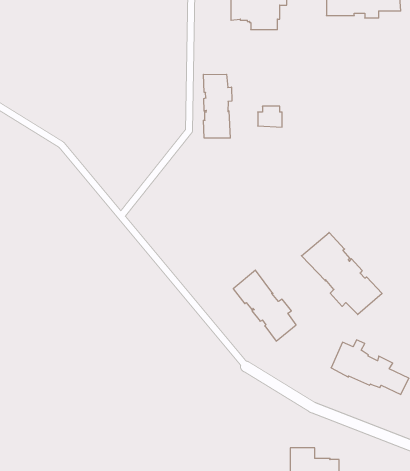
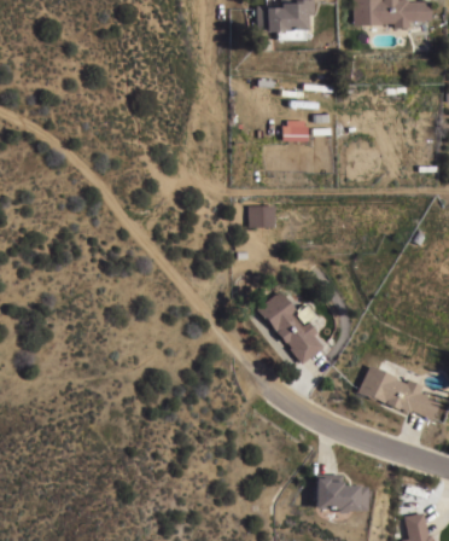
building: [203,74,232,138] -> none
building: none -> [249,205,275,227]
building: [301,232,382,315] -> none

